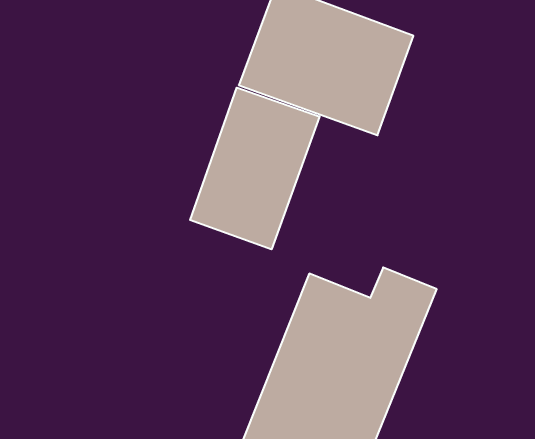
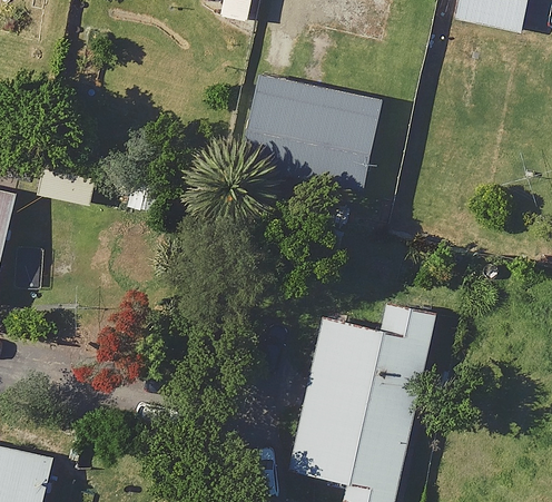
building: [190,88,320,249] -> none

